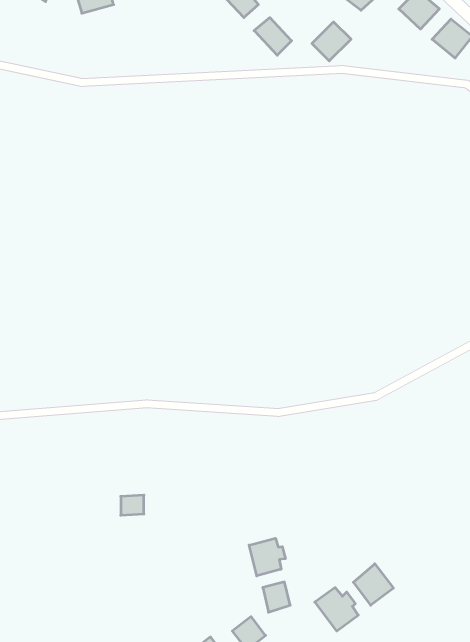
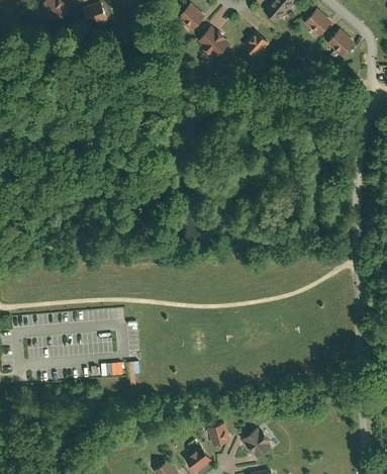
building: [249,538,285,576] -> none
building: [353,564,393,605] -> none

